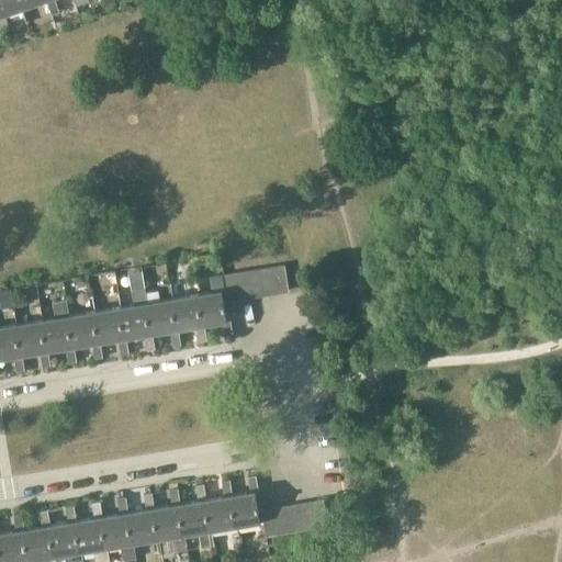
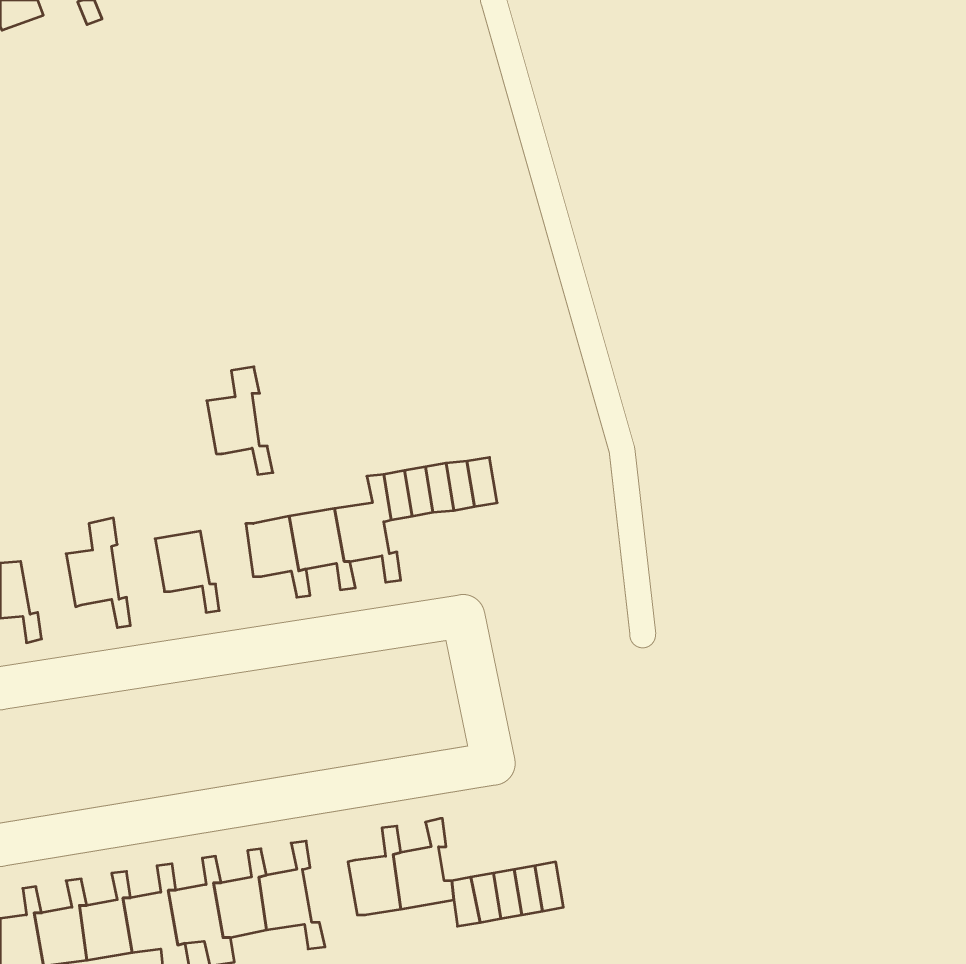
building: [116,290,155,352] -> [207,367,273,474]
building: [65,314,102,361] -> none
building: [12,323,49,370] -> none
building: [176,485,214,549] -> none

